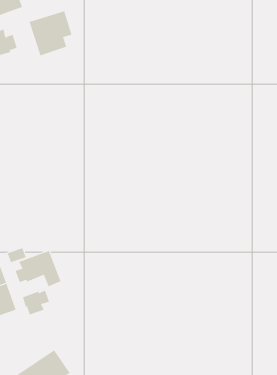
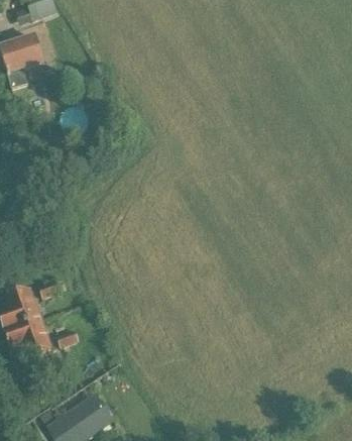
building: [29,10,72,56] -> none
building: [15,250,61,287] -> none

